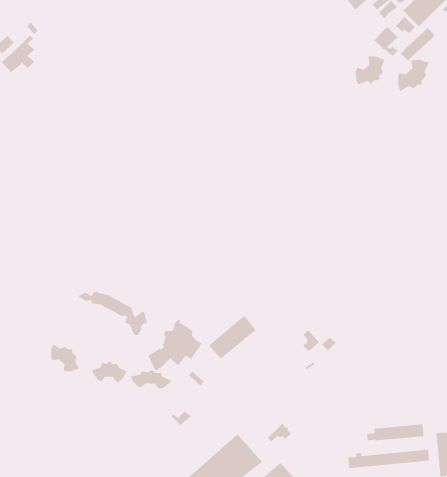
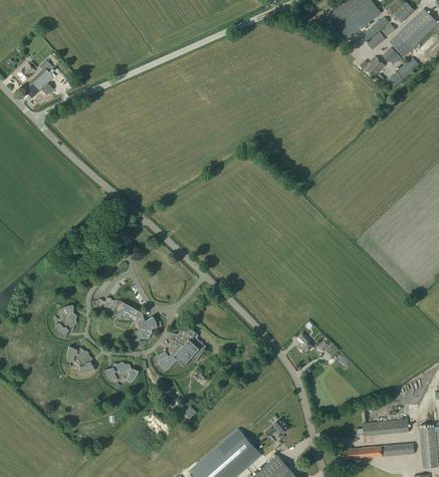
building: [355,55,386,85] -> none
building: [397,59,430,92] -> none
building: none -> [54,305,76,337]
building: [208,315,257,360] -> none
building: [130,370,172,389] -> none

